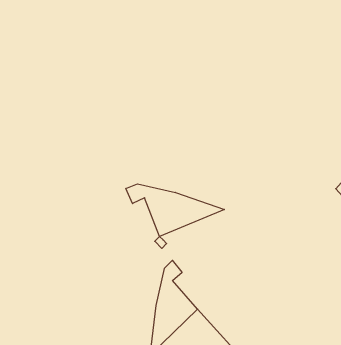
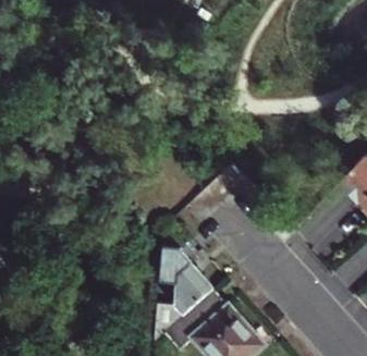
building: [126,184,224,236] -> none

